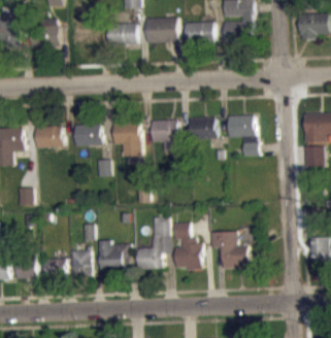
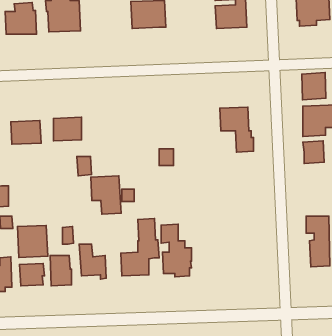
building: [184,21,213,44] -> none
building: [107,23,136,44] -> none
building: none -> [302,72,326,100]
building: [189,116,216,139] -> none
building: [151,120,179,149] -> none
building: [112,122,140,157] -> [91,176,121,214]
building: none -> [17,225,48,257]
building: [210,232,249,269] -> none

